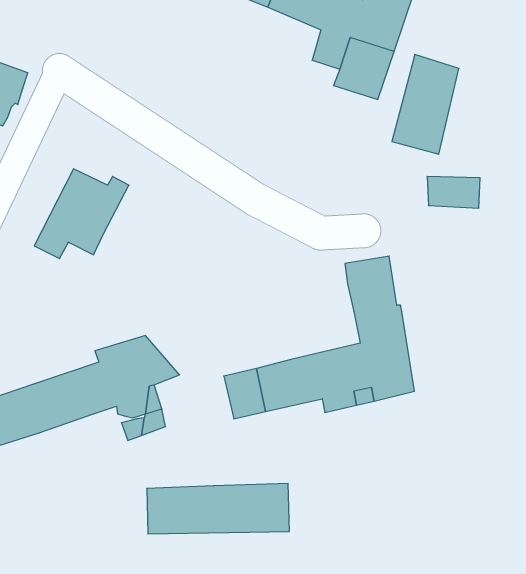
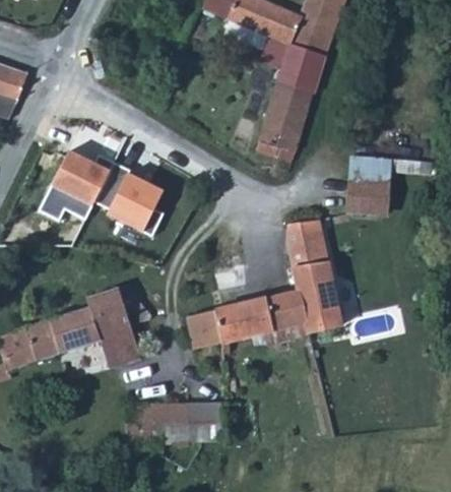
building: [392,54,459,154] -> [258,81,312,162]
building: none -> [91,162,160,236]
building: none -> [351,178,393,214]

